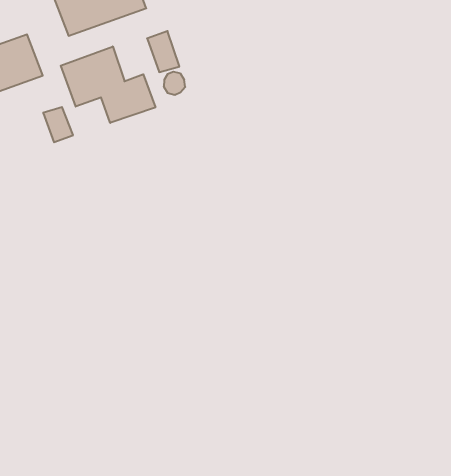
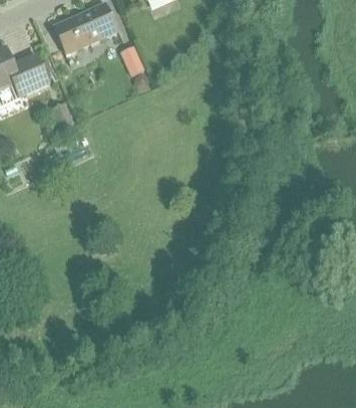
building: [61,46,155,123] -> none

